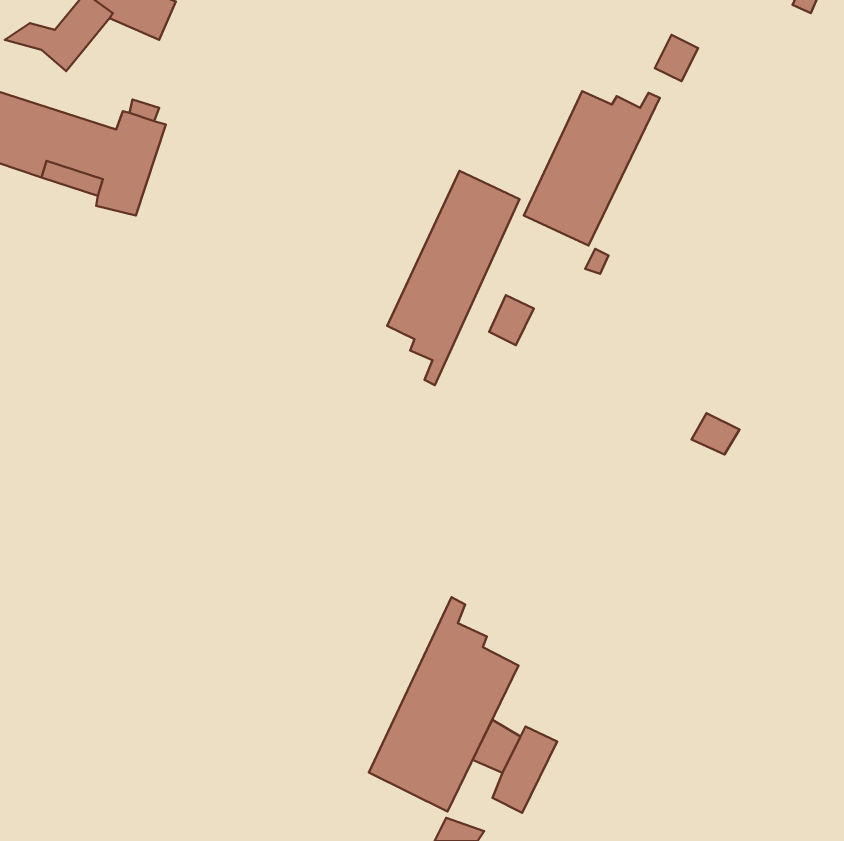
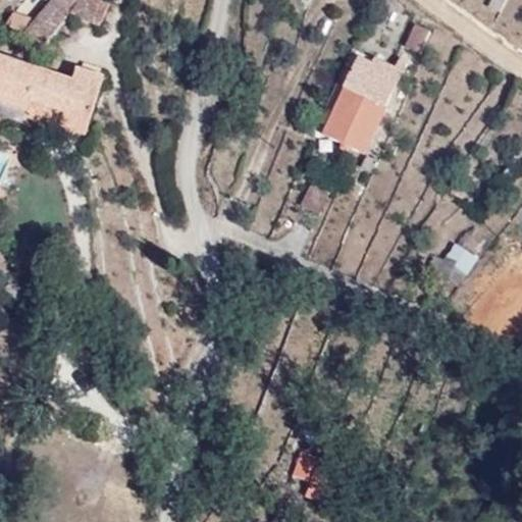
building: [387,171,519,385] -> none
building: [369,597,519,811] -> none

